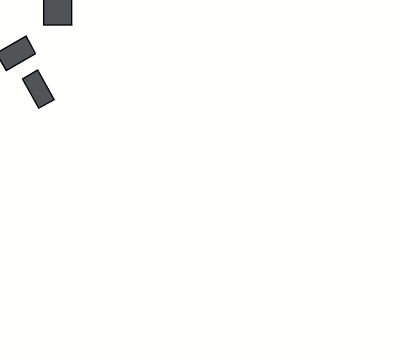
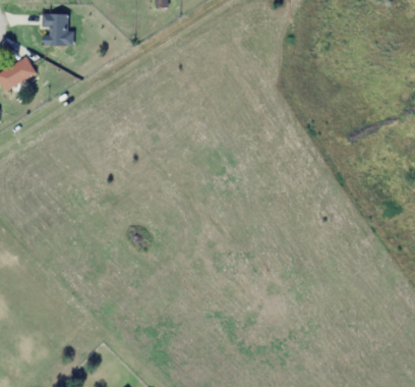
building: [23,70,54,108] -> none

